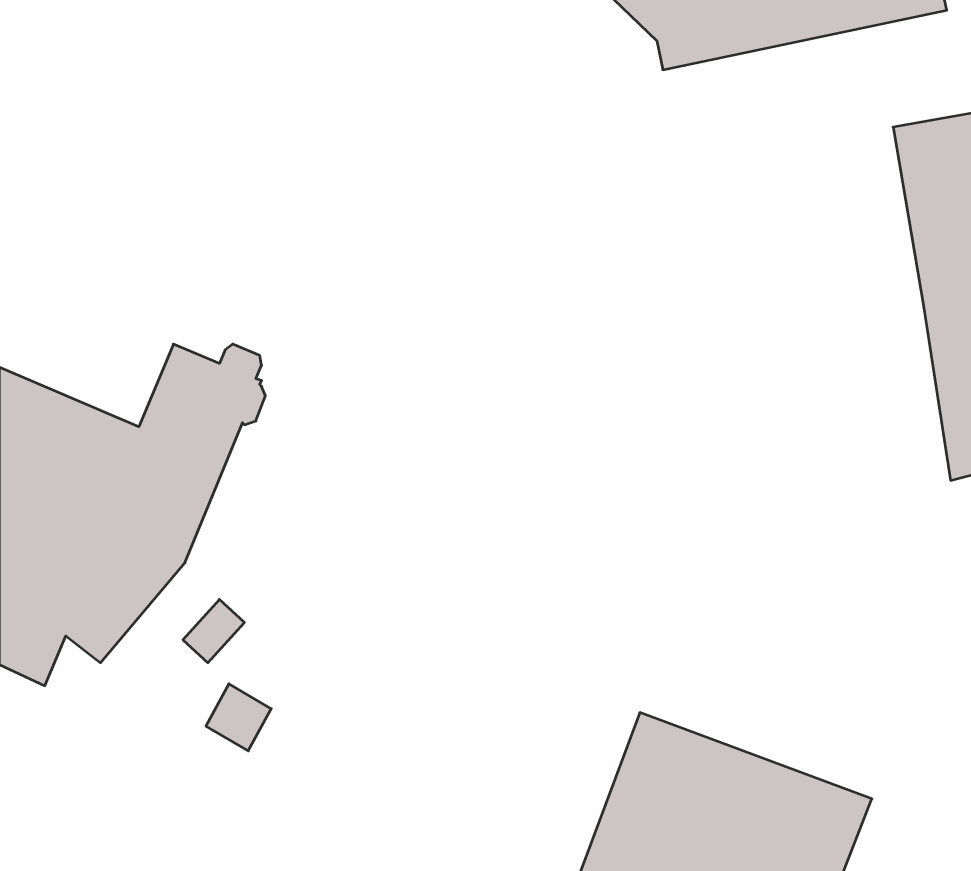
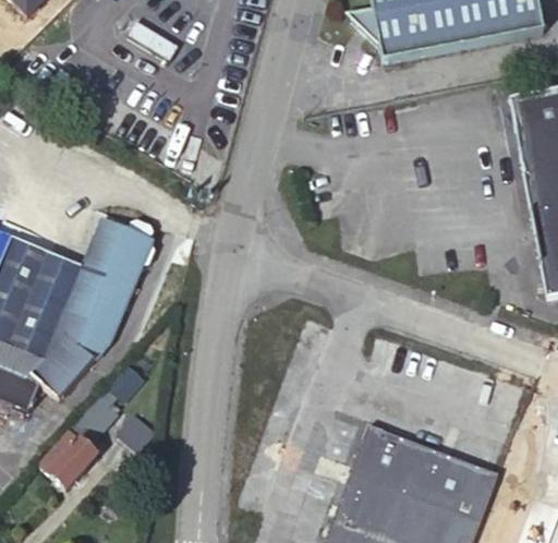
building: none -> [37,394,120,486]

